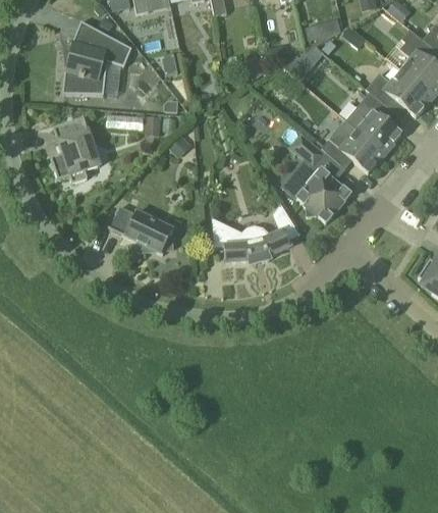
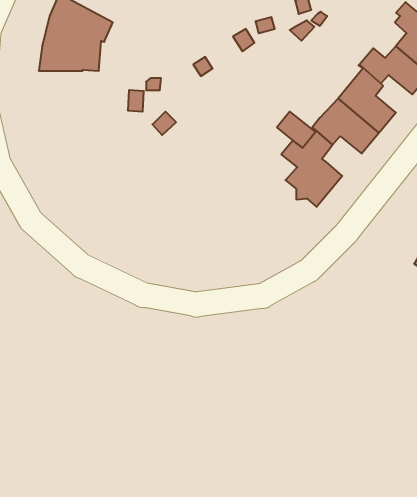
building: [51,117,100,183] -> none
building: [212,205,298,264] -> none
building: [110,206,173,253] -> none

